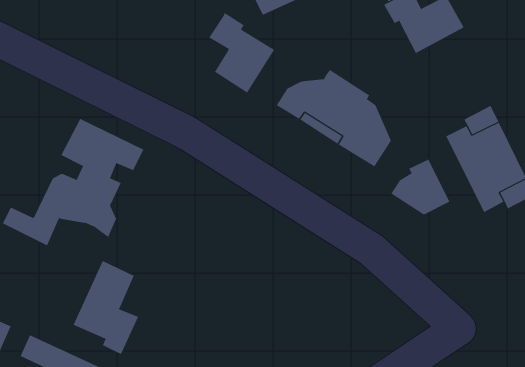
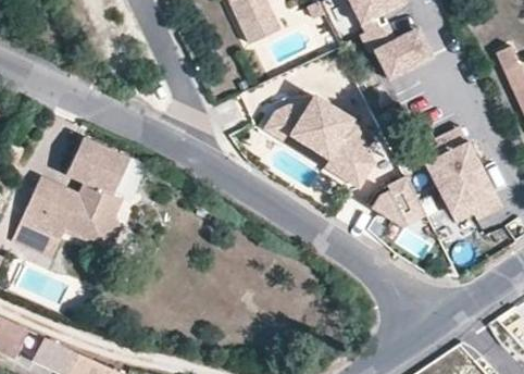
building: [209,12,275,94] -> none
building: none -> [24,176,71,228]
building: [73,260,139,355] -> none

